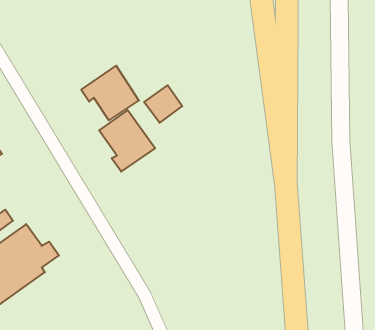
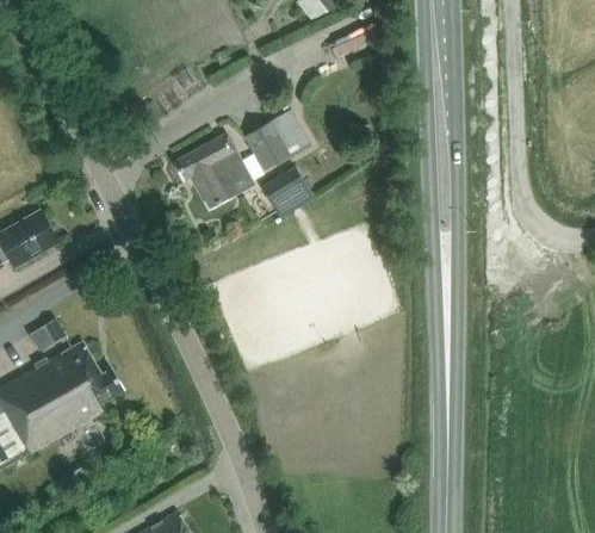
building: none -> [244,111,309,169]
building: [99,110,155,172] -> none

